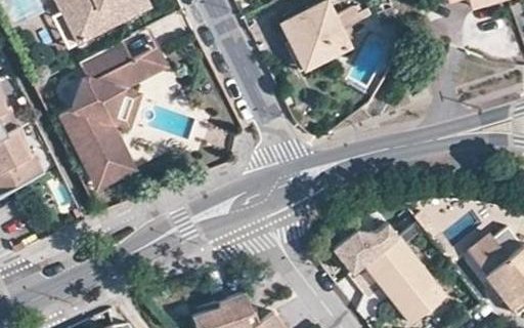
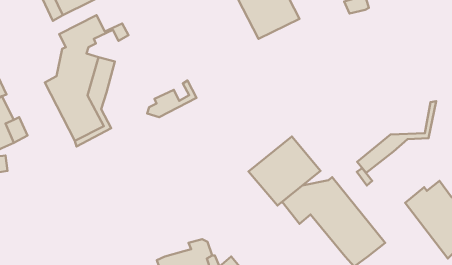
building: [111,47,166,88] -> [147,81,196,117]
building: none -> [357,101,436,173]
building: none -> [249,137,321,206]

